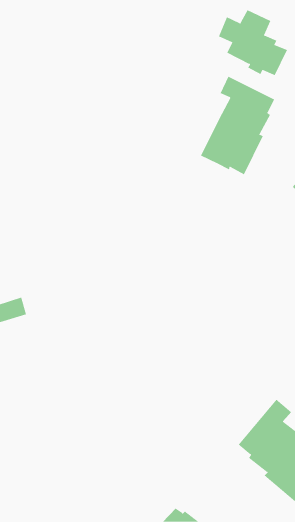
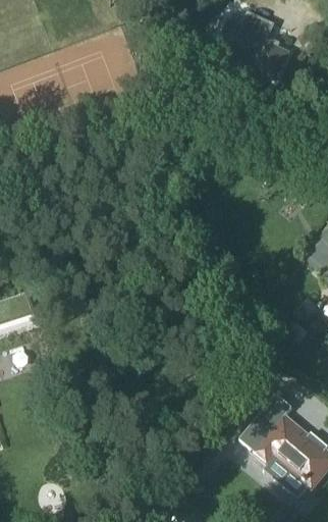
building: [200,76,275,175] -> none

